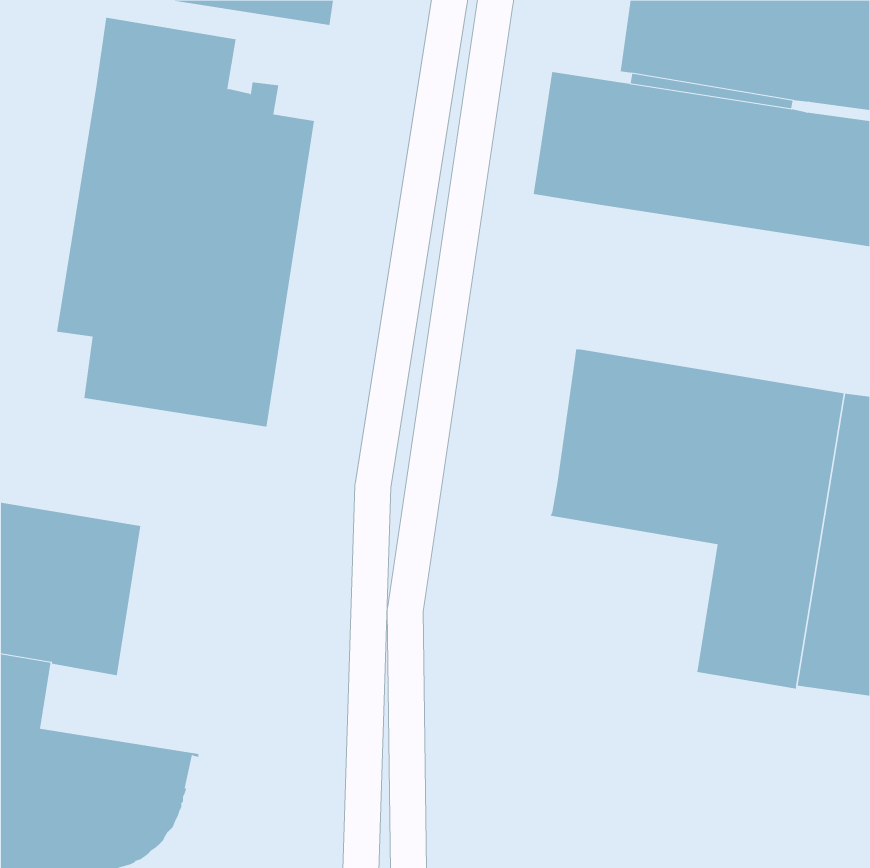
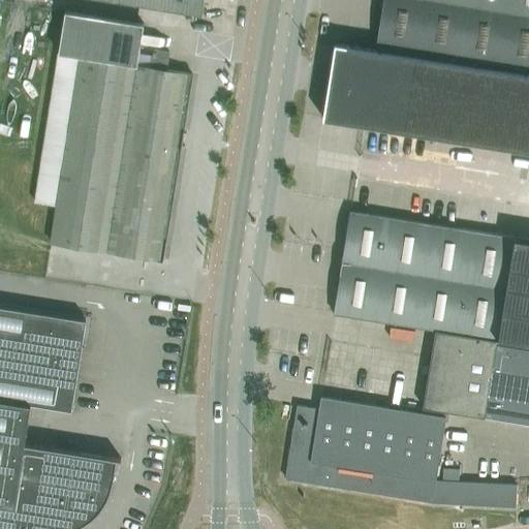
building: none -> [285,398,516,508]

